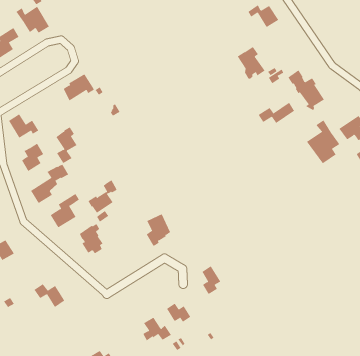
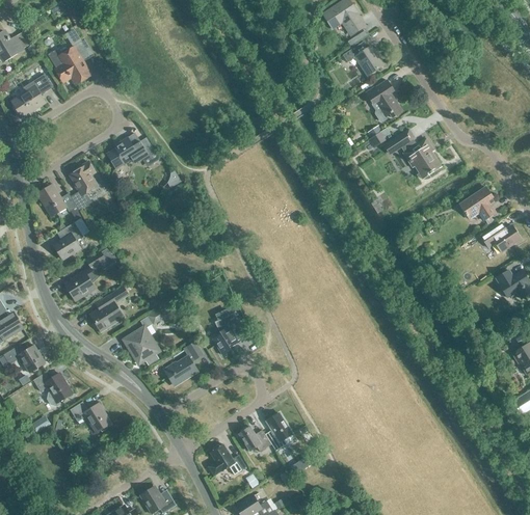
building: [237,46,265,79] -> [366,79,402,121]
building: [258,102,295,124] -> none
building: [306,120,340,164] -> none
building: [55,126,77,164] -> [70,161,98,209]
building: [87,179,118,214] -> [164,341,203,384]
building: none -> [33,372,73,405]
building: [202,265,221,295] -> [267,412,292,450]

